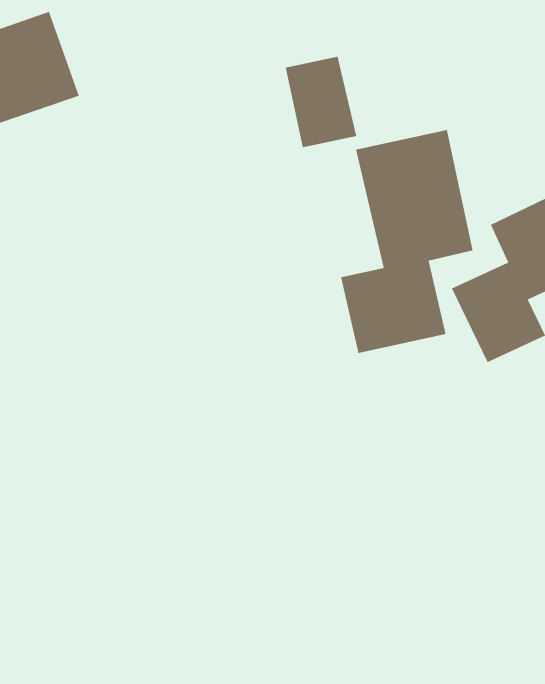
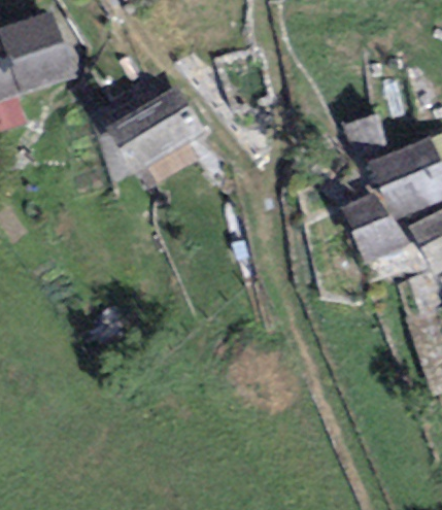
building: none -> [103,84,206,176]
building: [340,129,474,354] -> none

